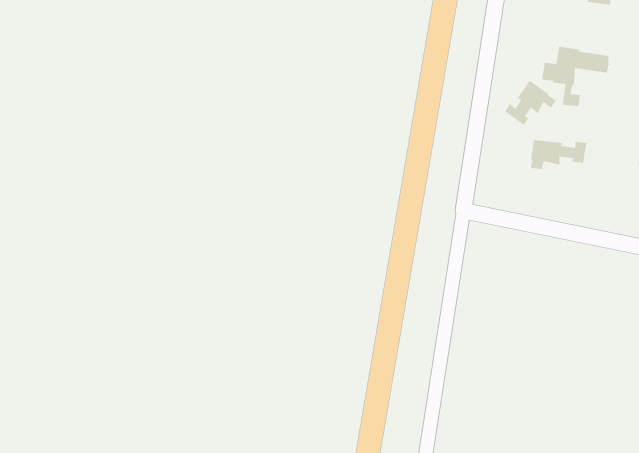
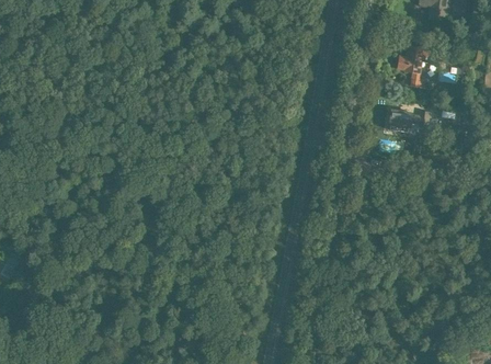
building: [504,80,556,126] -> none

